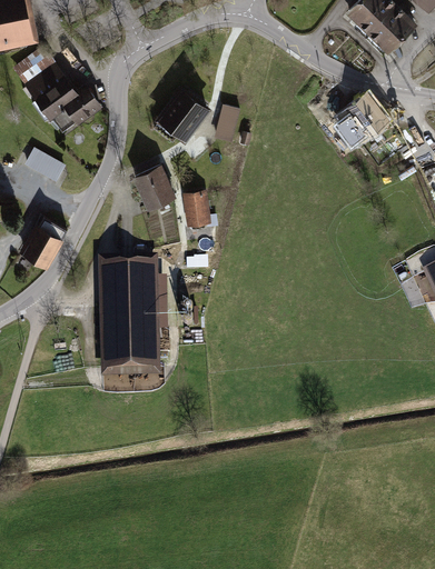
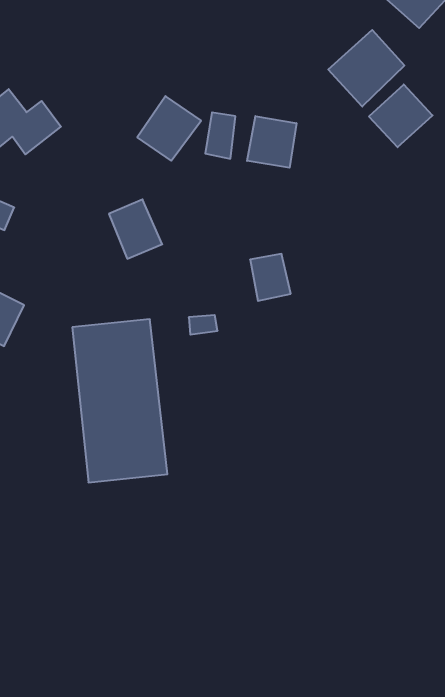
building: none -> [328,30,404,107]
building: none -> [247,116,296,168]
building: [181,190,210,224] -> [250,254,291,301]

